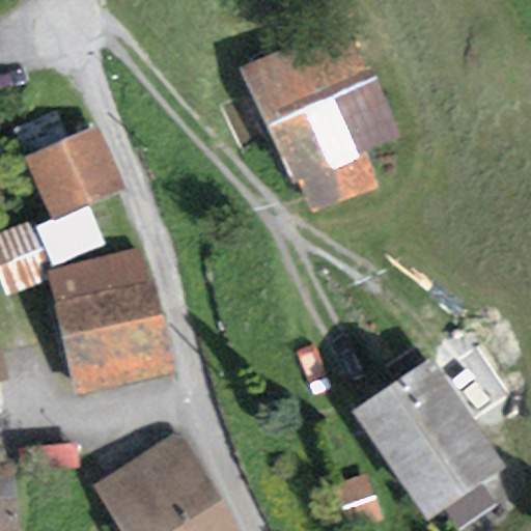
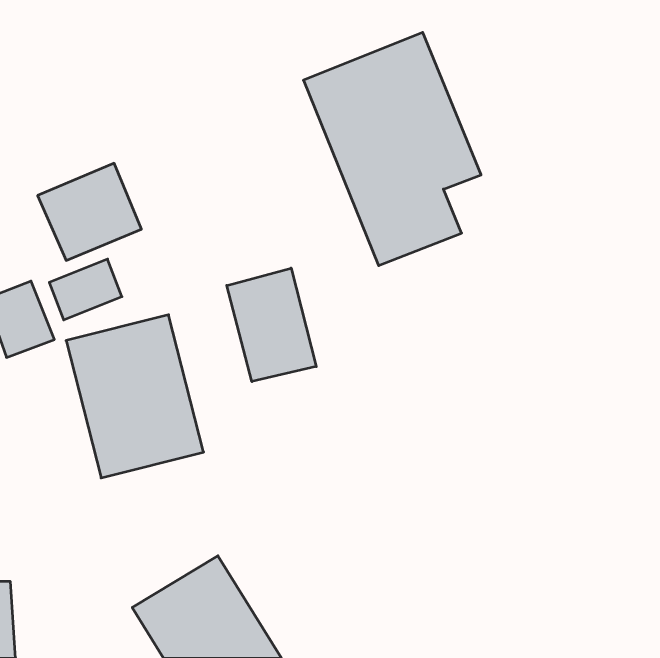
building: none -> [227,268,316,382]
building: [362,367,495,513] -> none

